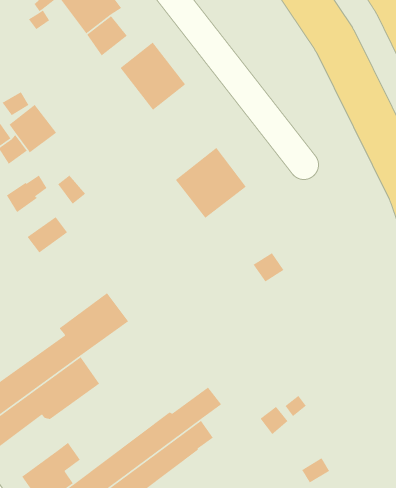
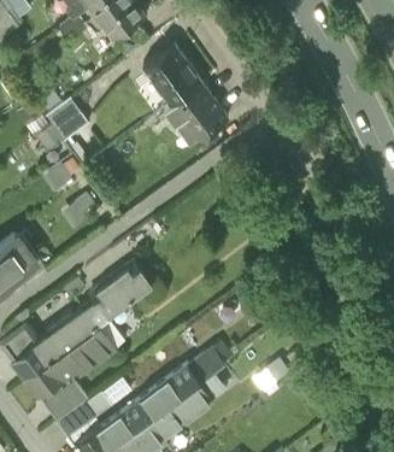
building: [175,147,247,219] -> [164,80,227,142]
building: none -> [43,380,88,421]

